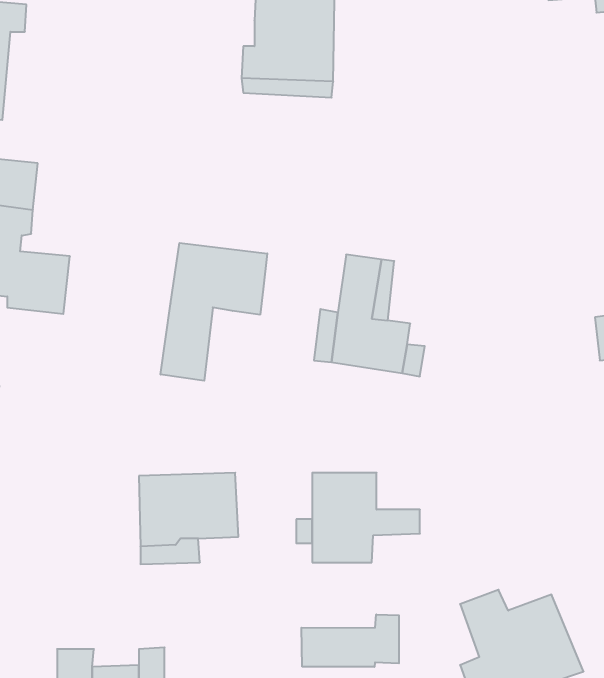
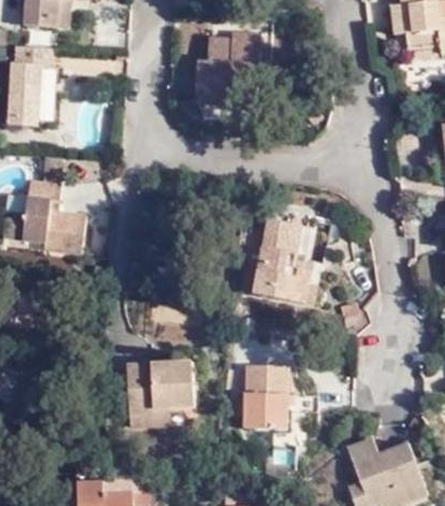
building: [161,243,267,381] -> none
building: [301,614,399,667] -> none

